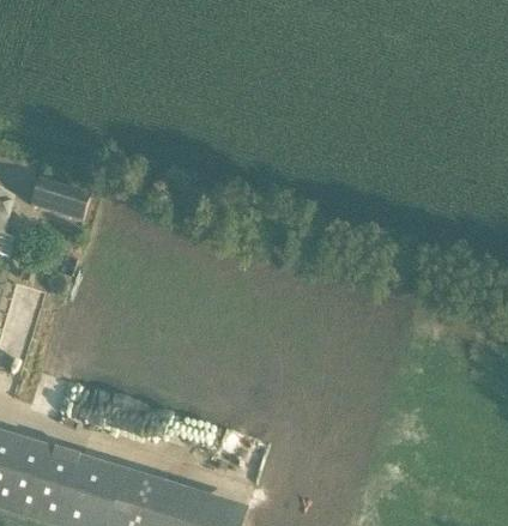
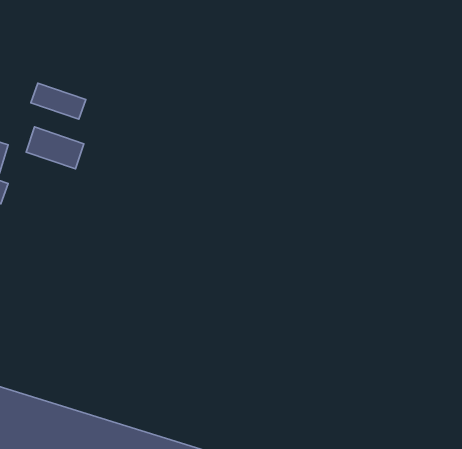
building: none -> [31,83,86,119]

